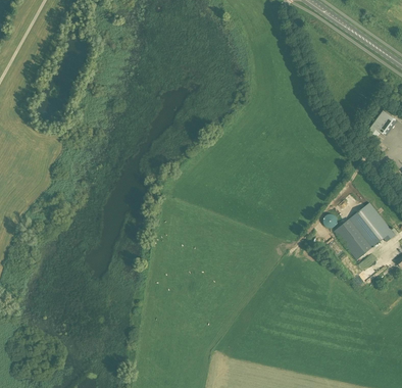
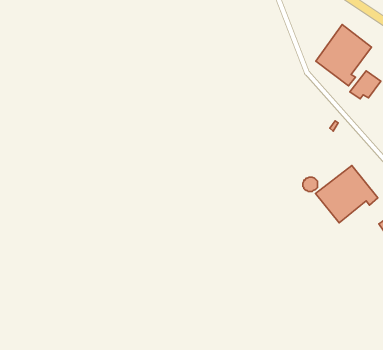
building: none -> [316,25,372,86]

